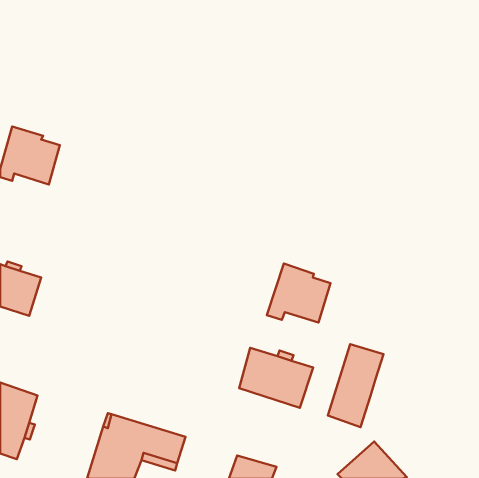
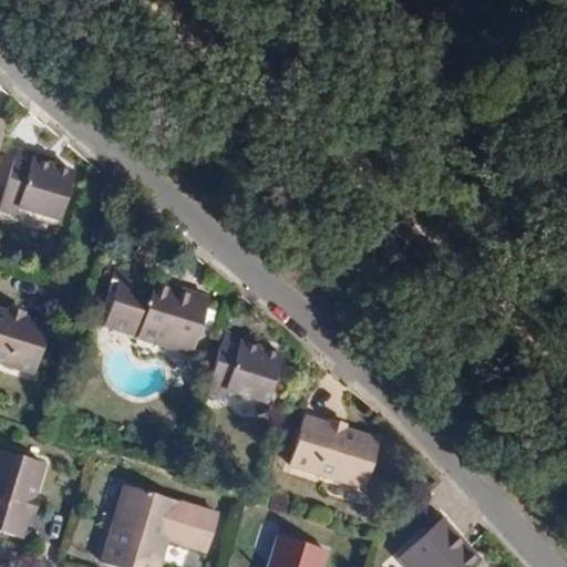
building: none -> [103,268,208,353]
building: [267,264,331,323] -> [205,333,280,403]
building: [328,344,384,427] -> none

